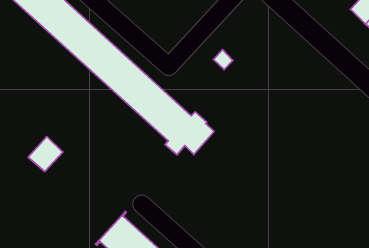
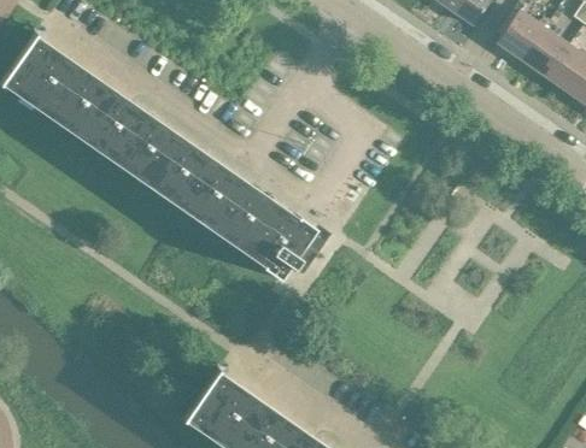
building: [28,137,63,171] -> none

